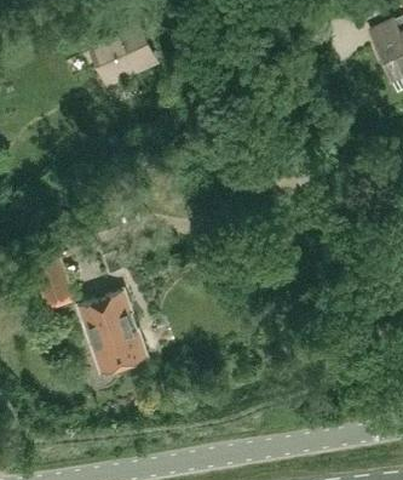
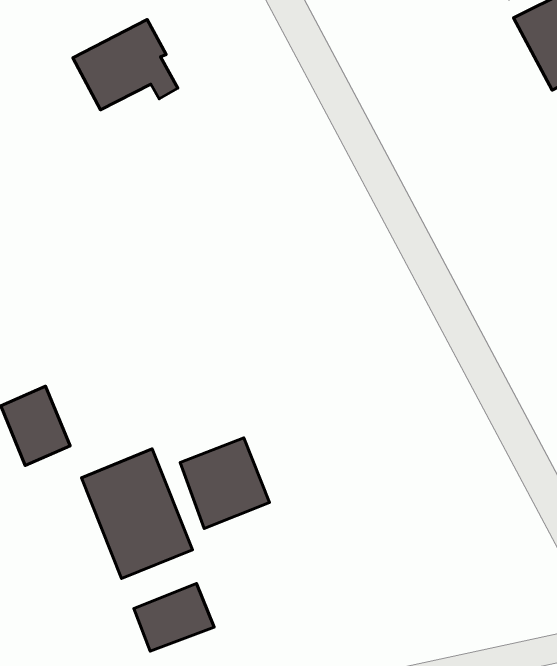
building: none -> [180,438,269,528]
building: none -> [134,583,214,651]

